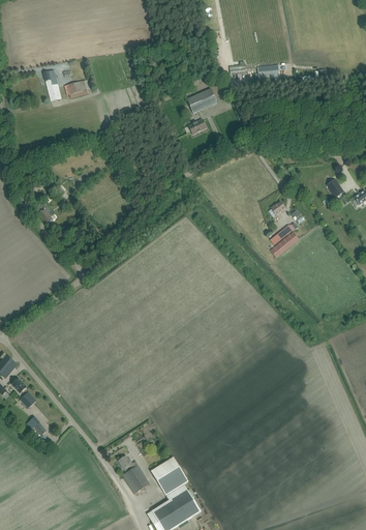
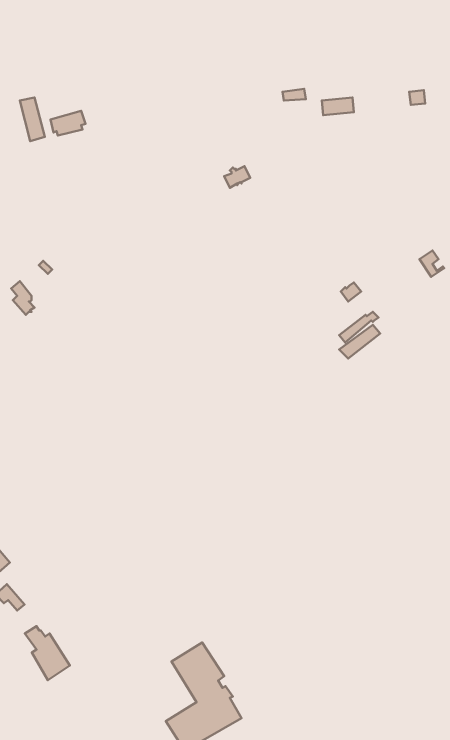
building: [187,88,217,113] -> none
building: [118,455,150,494] -> [25,626,70,680]

